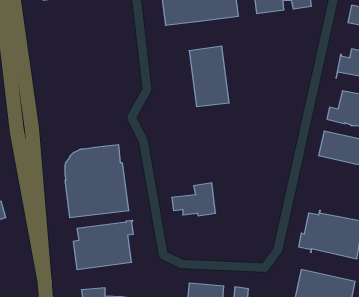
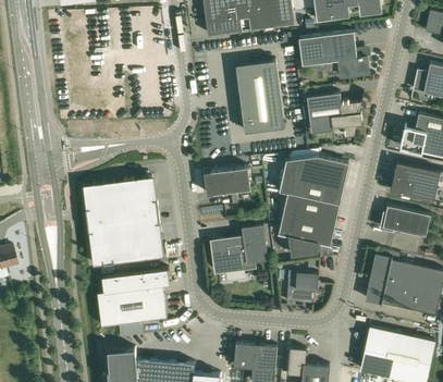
building: none -> [298,32,368,76]
building: none -> [306,93,361,136]
building: none -> [276,156,347,255]
building: none -> [204,167,250,195]
building: none -> [379,206,430,236]
building: none -> [284,272,318,304]

